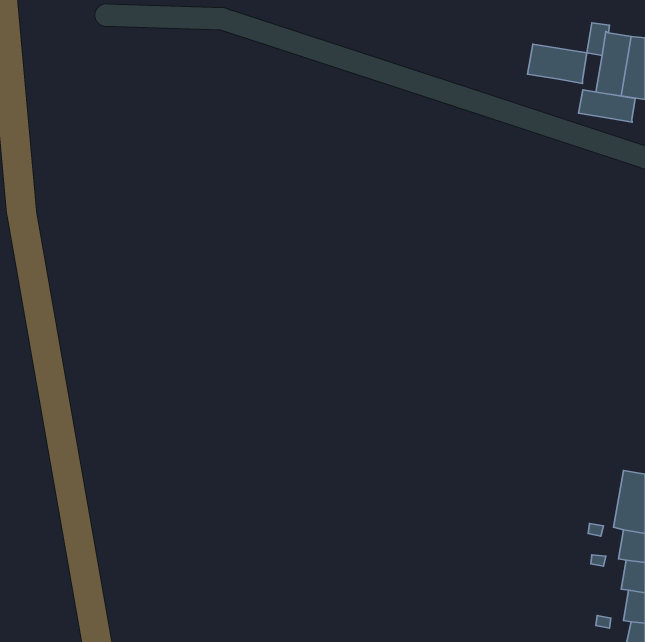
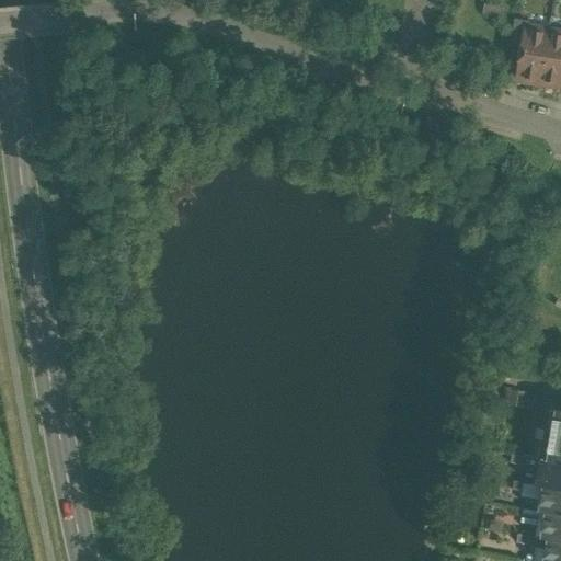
building: [527,44,587,83] -> none
building: [578,90,635,122] -> none

